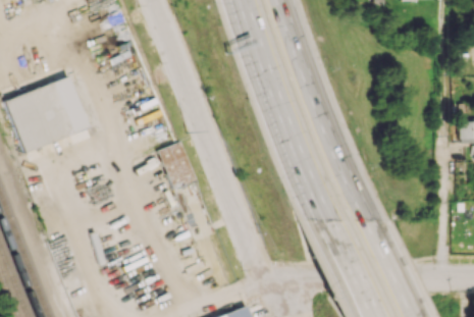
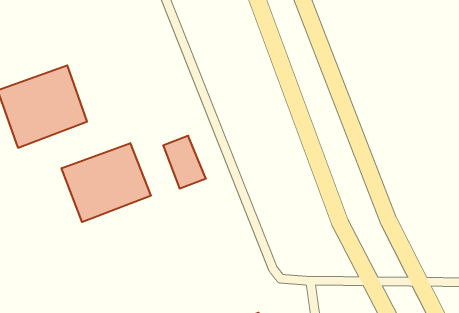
building: none -> [62,143,151,222]

